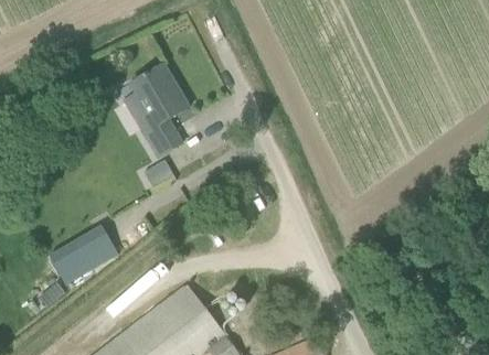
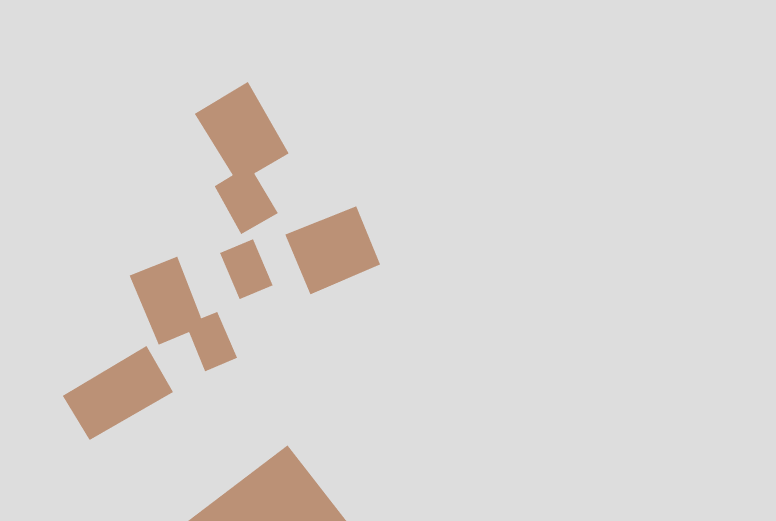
building: none -> [284,206,381,295]
building: none -> [129,256,238,372]

